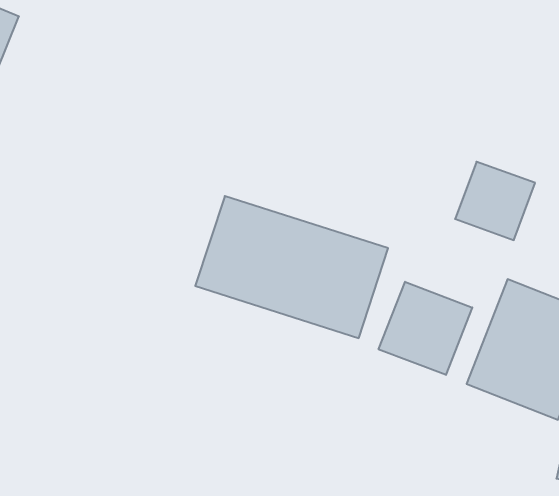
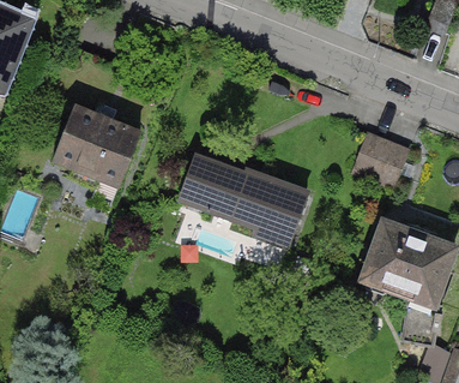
building: none -> [43,100,146,195]
building: [379,282,472,375] -> none

